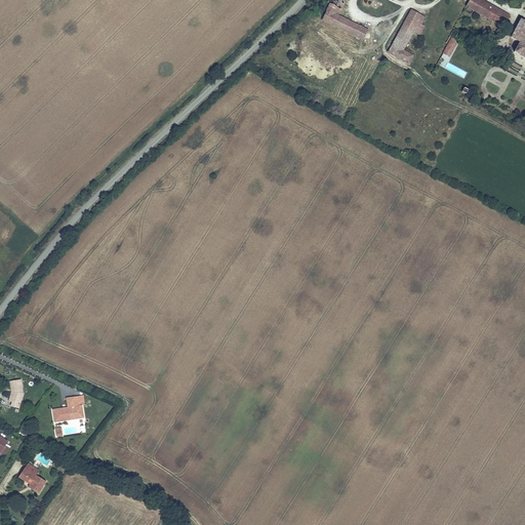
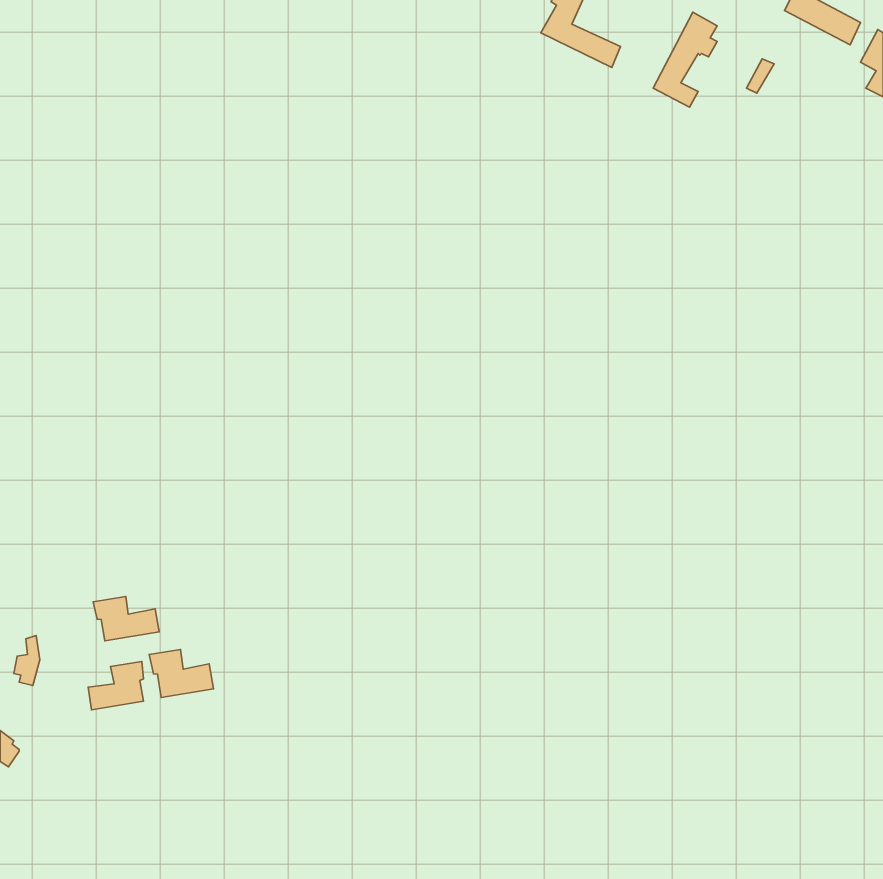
building: none -> [93,596,159,641]
building: none -> [149,649,214,698]
building: [18,461,46,493] -> none

